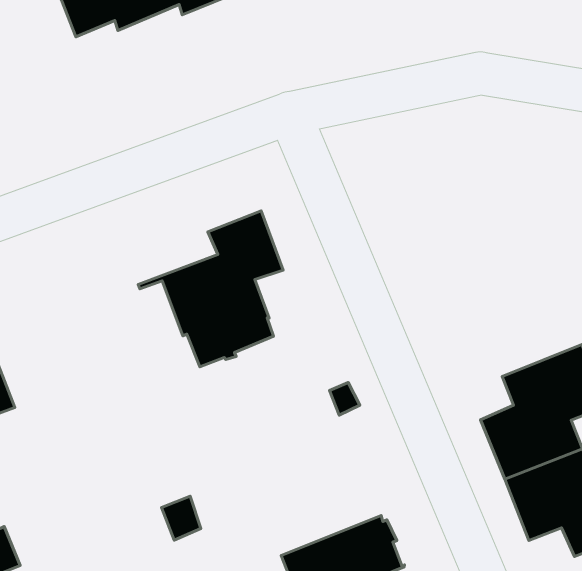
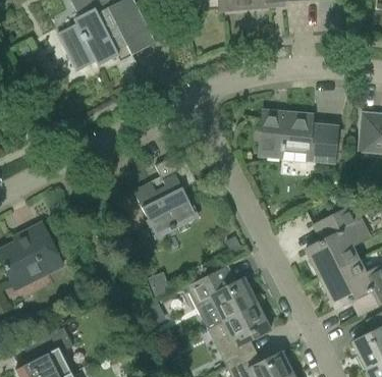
building: none -> [258,113,337,162]
building: none -> [186,266,259,329]

